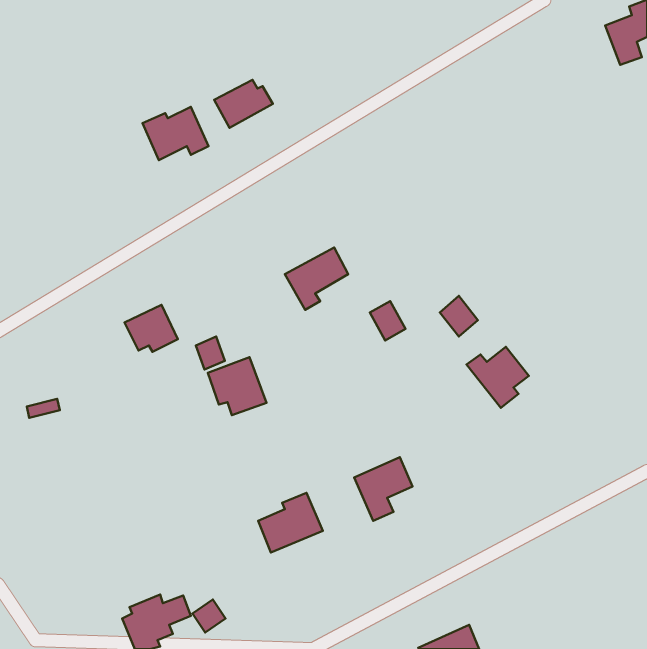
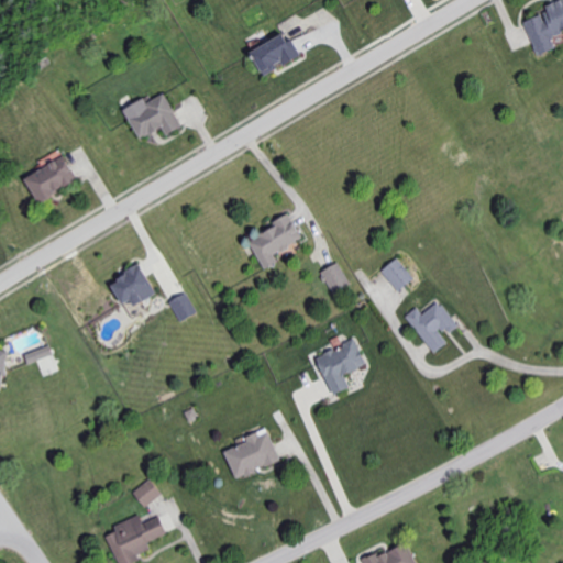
building: [214,80,273,128] -> [249,35,299,77]
building: none -> [23,156,75,200]
building: [208,357,266,415] -> none
building: [354,457,412,521] -> [314,339,365,394]
building: [193,600,226,633] -> [132,478,161,507]

